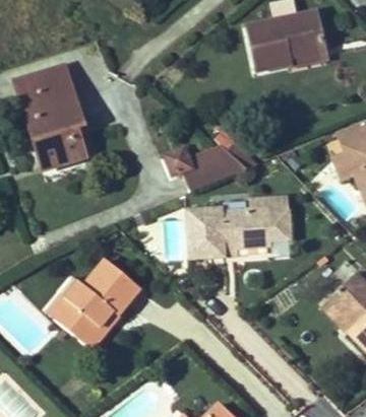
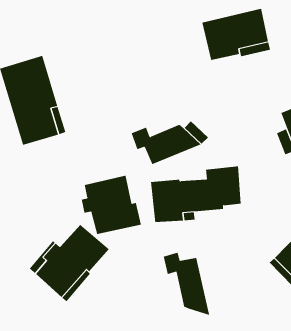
building: none -> [81,175,141,235]
building: none -> [163,252,210,316]

